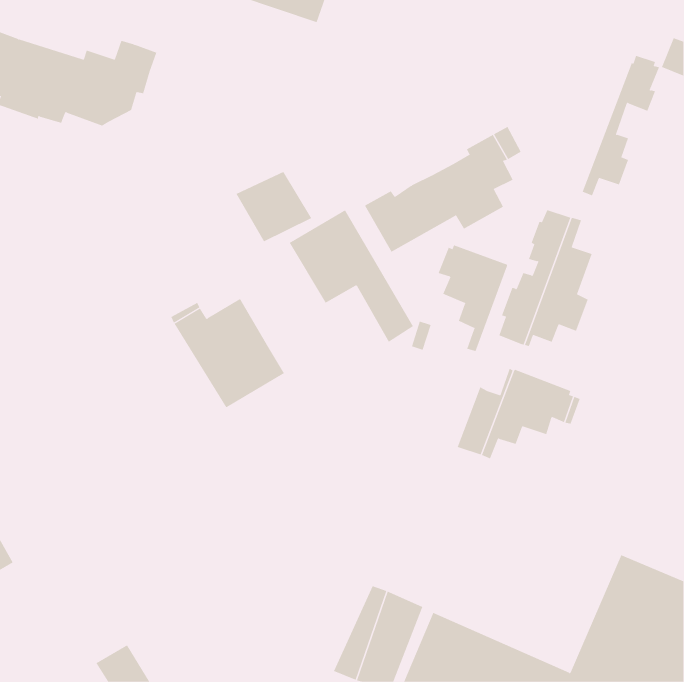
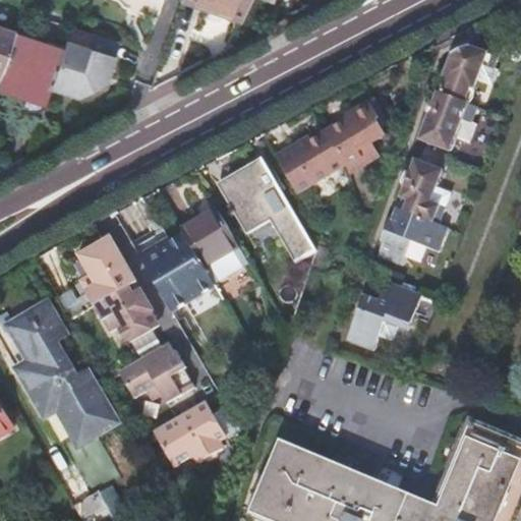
building: none -> [418,43,478,147]
building: [235,171,312,242] -> [182,209,240,263]
building: [438,244,508,352] -> none
building: none -> [78,241,155,340]
building: none -> [8,303,114,441]
building: none -> [119,340,194,401]
building: none -> [155,400,226,464]

